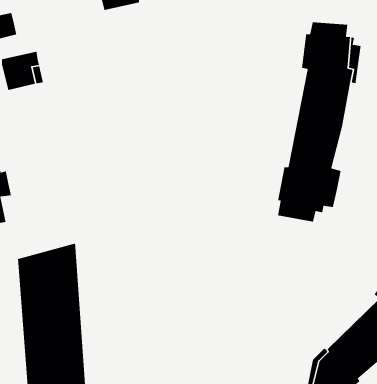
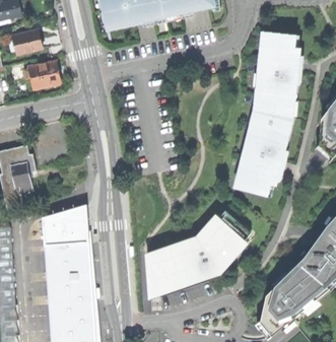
building: none -> [150,210,251,290]

